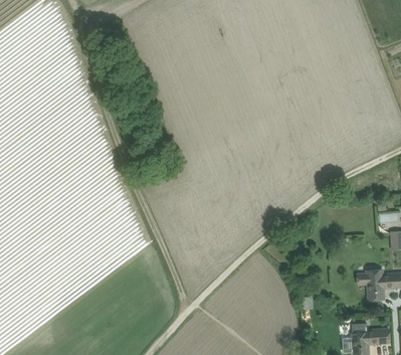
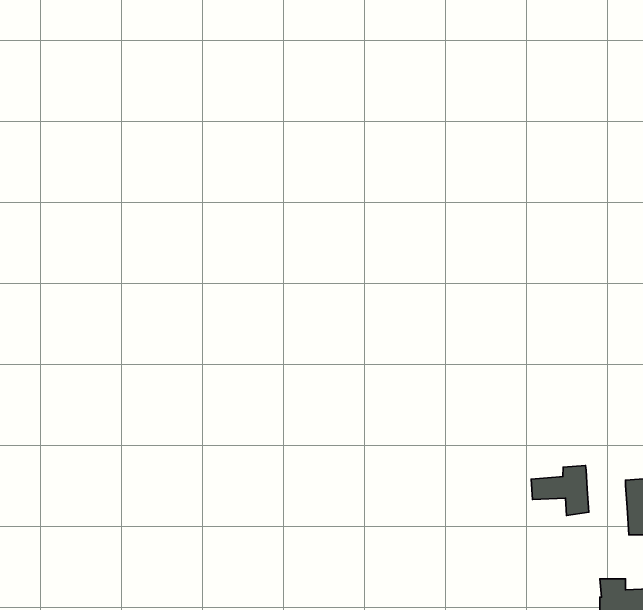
building: none -> [531,466,589,515]

